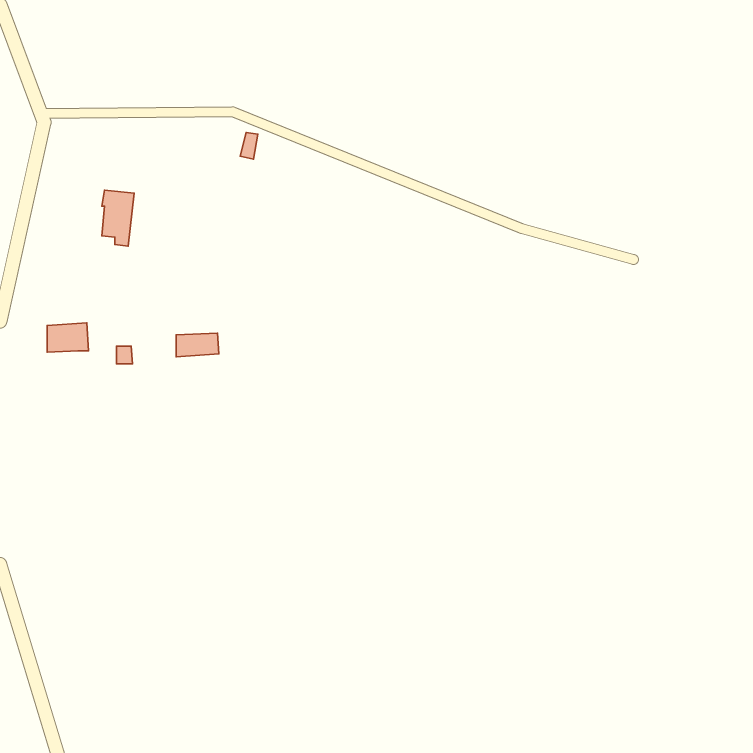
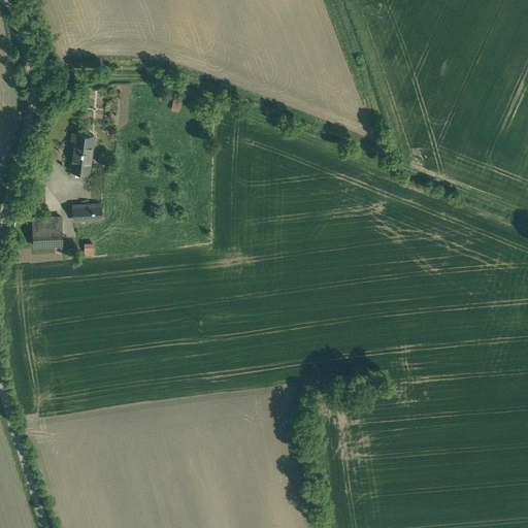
building: [176,333,219,357] -> [72,204,102,221]

